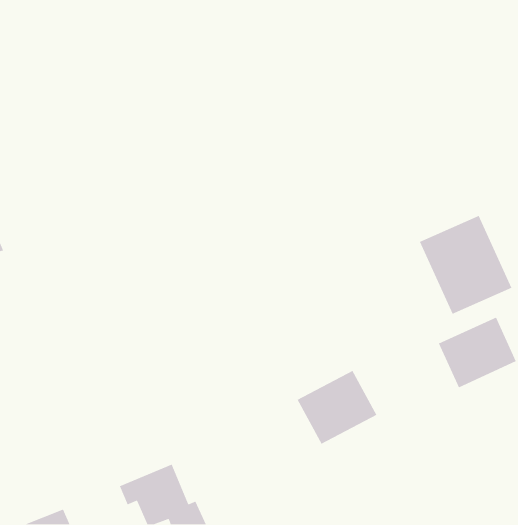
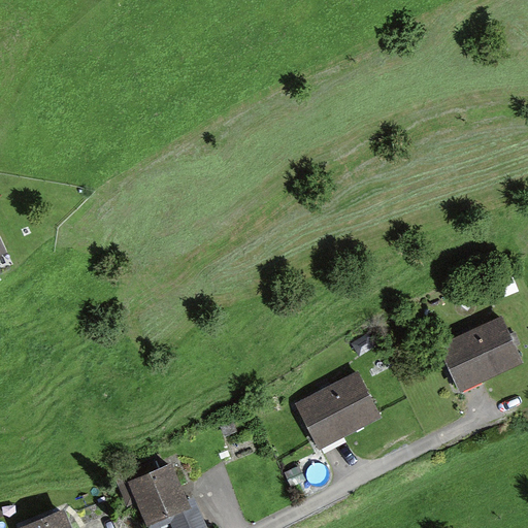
building: [419,215,513,315] -> none

